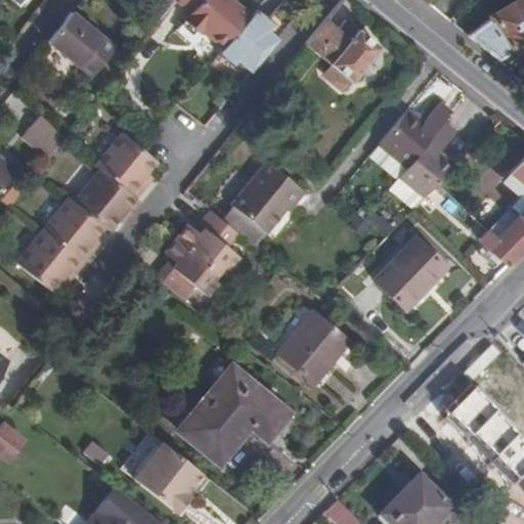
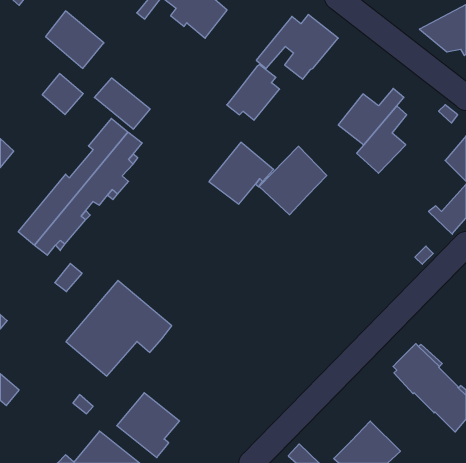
building: [221,9,280,72] -> [227,65,280,120]
building: none -> [94,78,150,129]
building: [20,112,67,158] -> [42,74,83,115]
building: [160,210,242,299] -> none
building: [368,234,444,311] -> [259,146,327,215]
building: [273,311,347,386] -> none
building: [171,367,290,475] -> [66,280,172,376]

